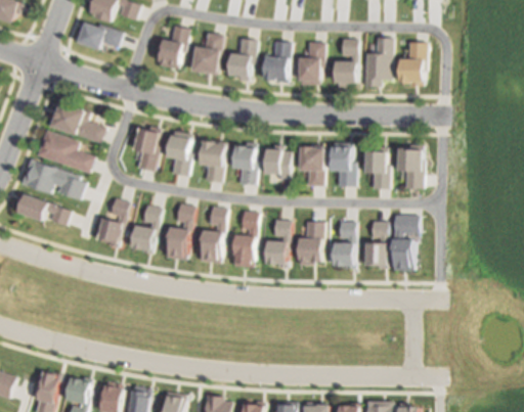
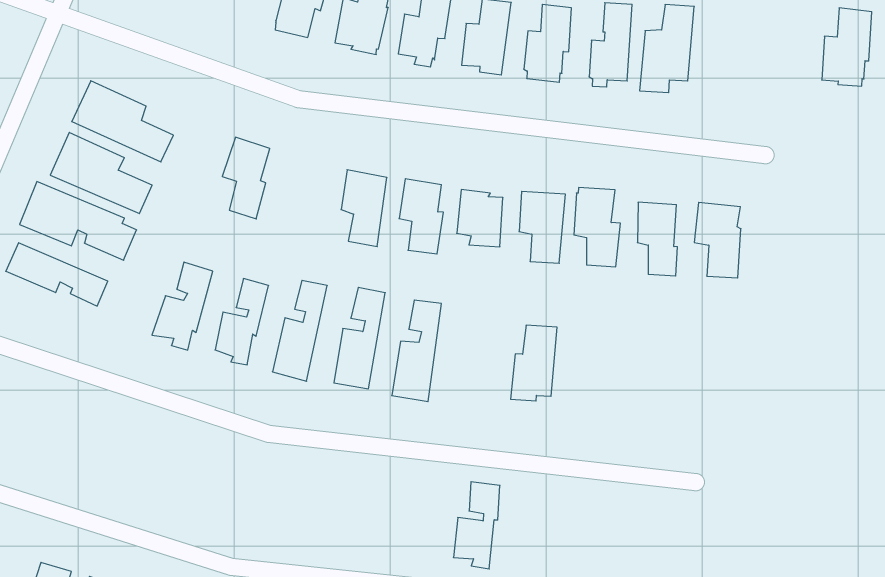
building: [398,42,424,85] -> [822,8,872,86]
building: [167,131,190,177] -> none
building: [394,215,420,271] -> none
building: [268,220,292,268] -> [453,482,500,569]
building: [366,221,388,268] -> none
building: [336,222,356,269] -> none

